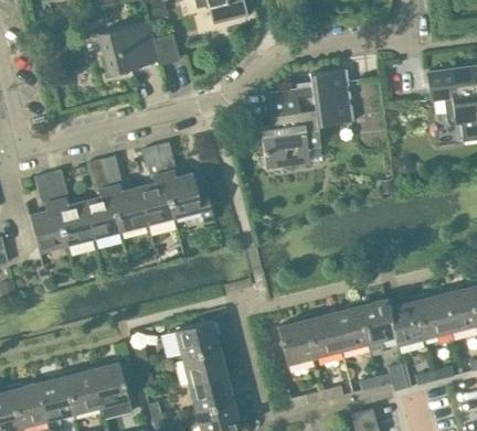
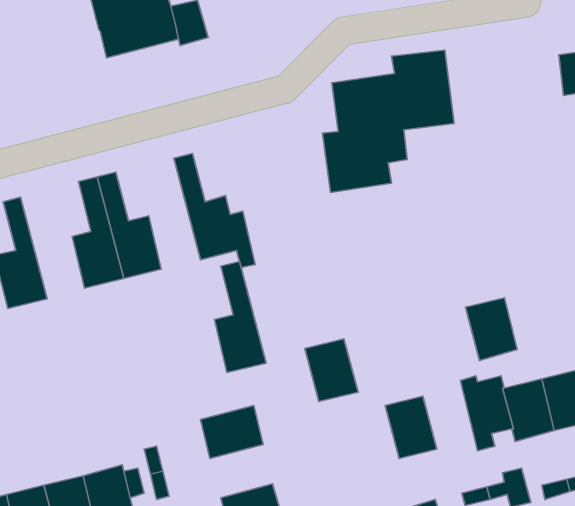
building: [138,146,174,224] -> [214,262,266,373]
building: [47,170,93,245] -> none
building: [331,306,368,351] -> [465,298,517,360]
building: [277,320,315,364] -> [305,339,358,402]
building: [181,347,225,385] -> none

